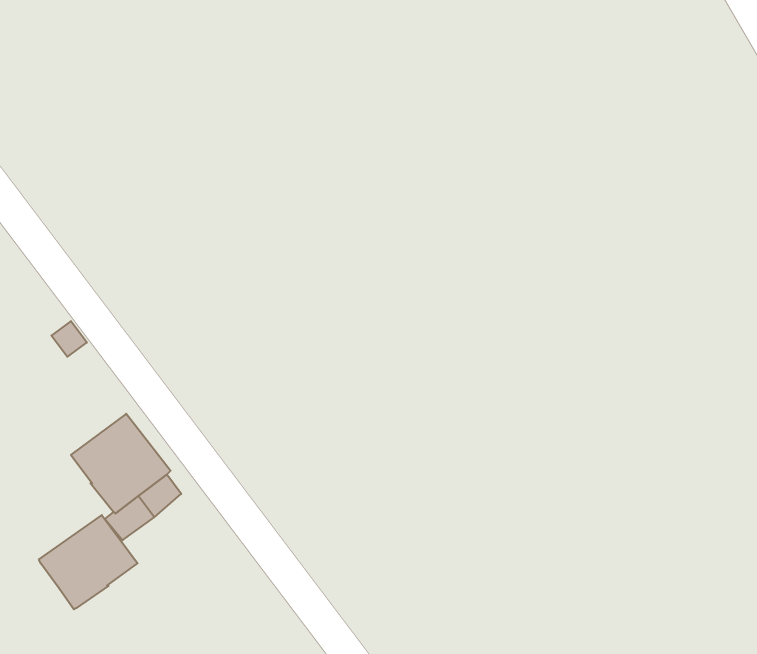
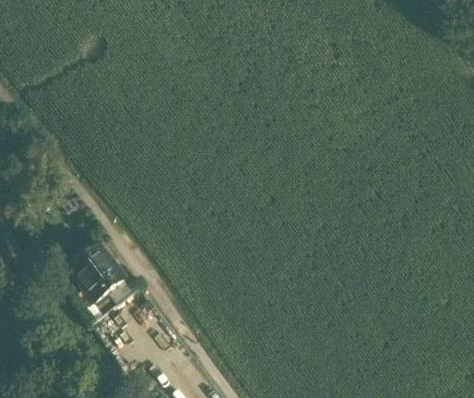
building: [39,515,138,609] -> none

